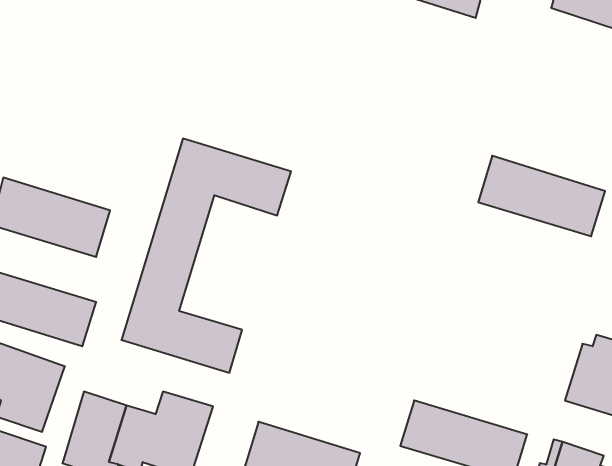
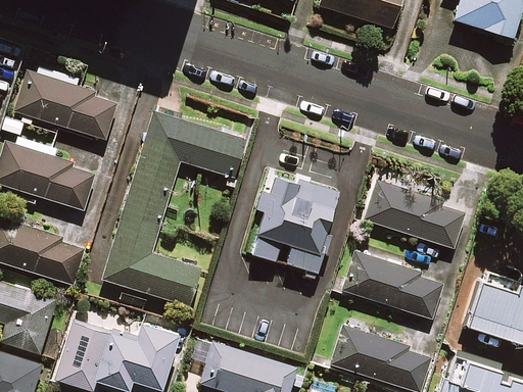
building: none -> [17,78,113,138]
building: [478,156,605,236] -> [364,182,467,247]
building: none -> [251,177,336,276]
building: none -> [344,256,439,317]

